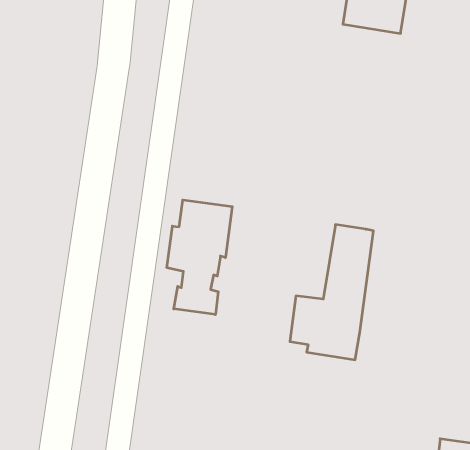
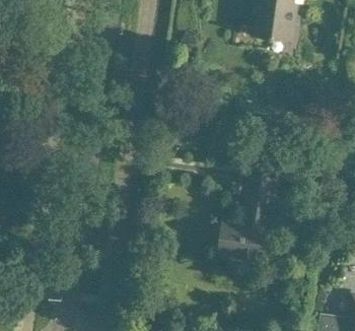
building: [167,200,232,315] -> none

